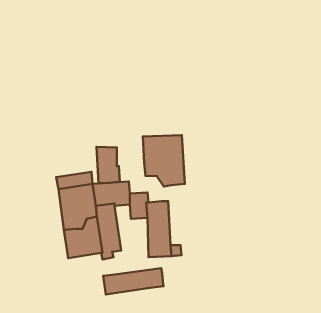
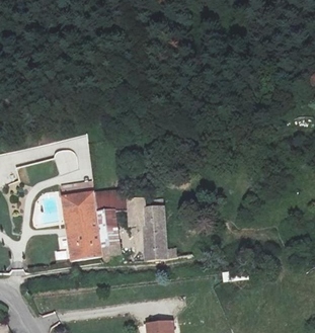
building: [143,135,185,187] -> none
building: [96,147,120,183] -> none
building: [103,268,164,295] -> none

